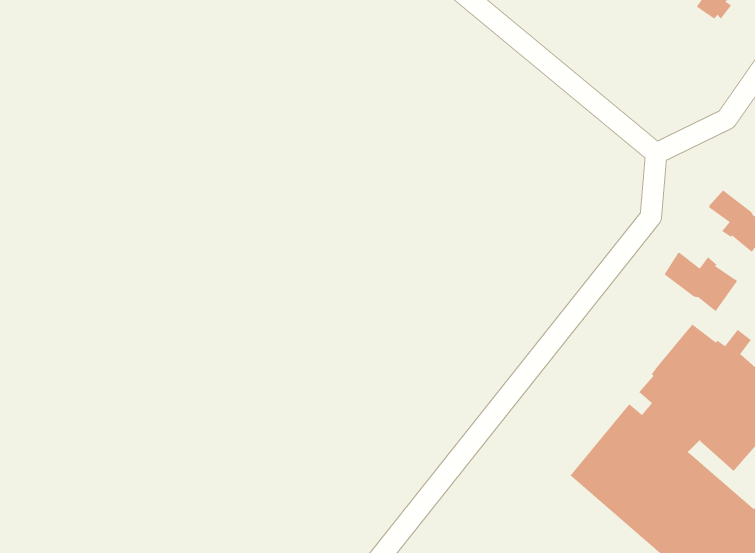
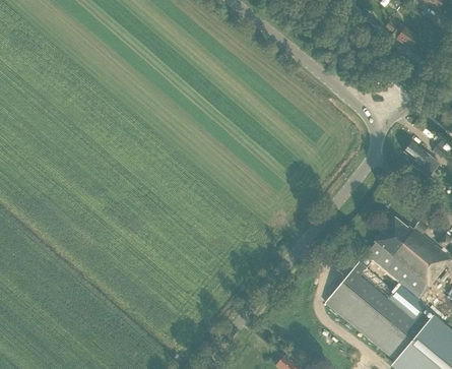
building: [663,252,738,312] -> none

